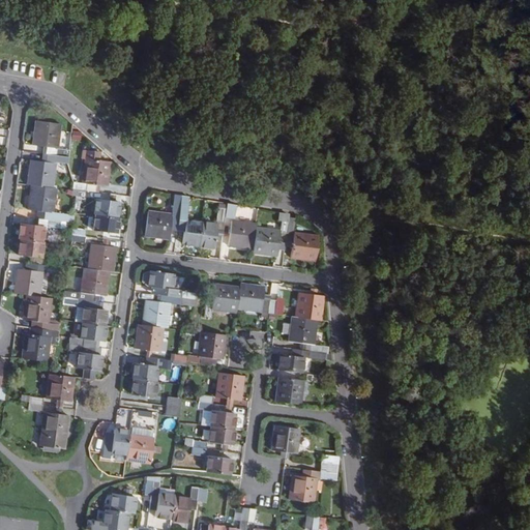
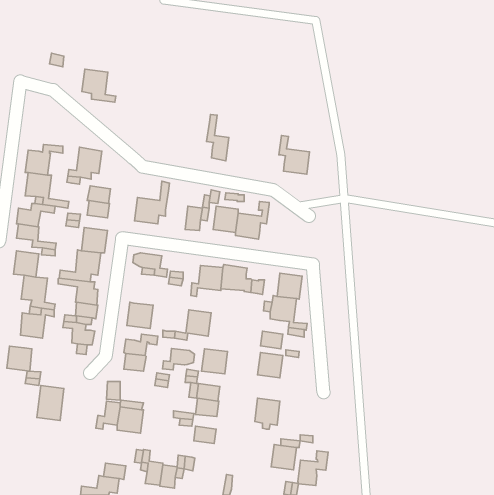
building: [32,121,68,156] -> [82,69,116,102]
building: [177,196,201,245] -> [207,114,229,161]
building: [285,218,318,260] -> [279,135,310,174]
building: [143,299,170,327] -> none
building: none -> [162,348,195,370]
building: [46,374,72,401] -> [7,346,32,371]
building: none -> [298,451,328,486]

